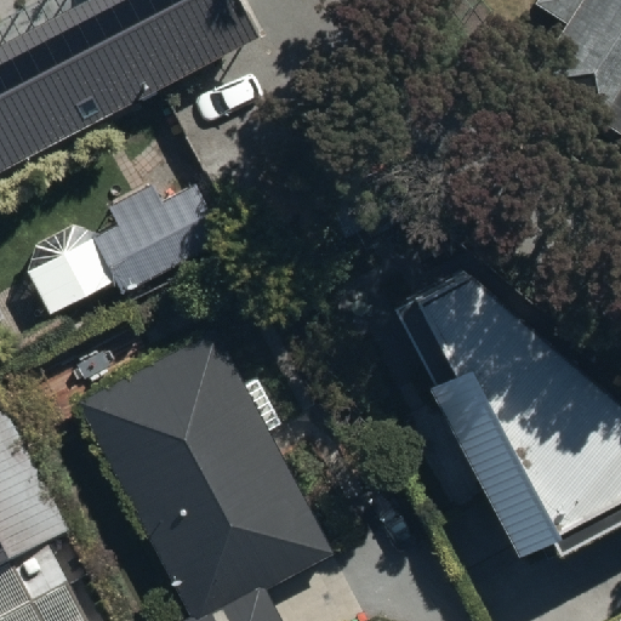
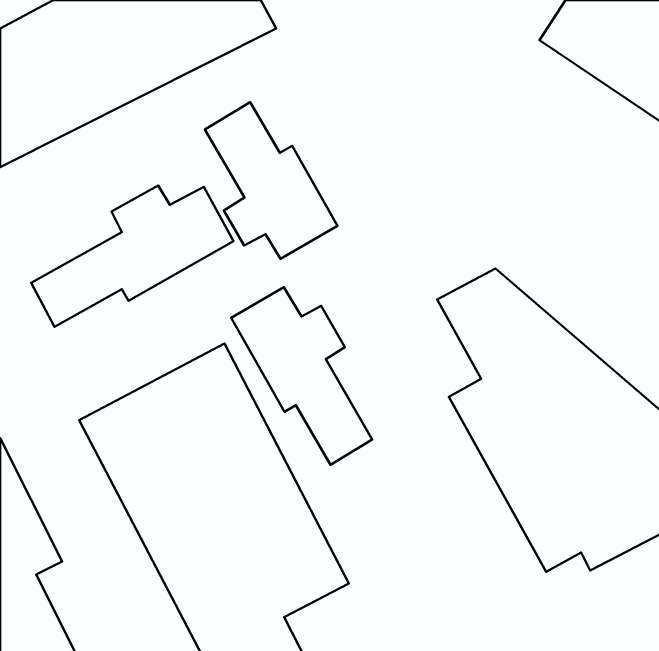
building: none -> [205,102,337,259]
building: none -> [231,287,372,465]

